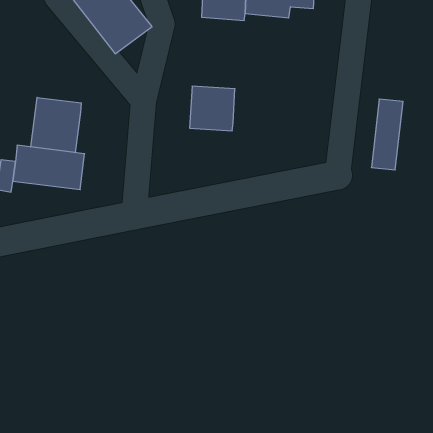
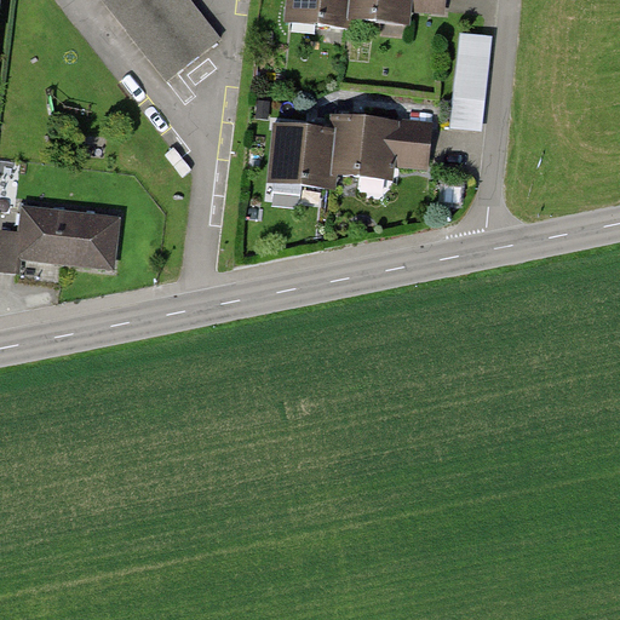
building: none -> [331,115,430,178]
building: [31,97,81,153] -> none
building: [371,99,403,170] -> [448,30,493,131]

